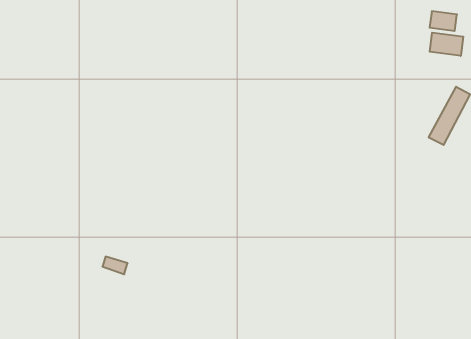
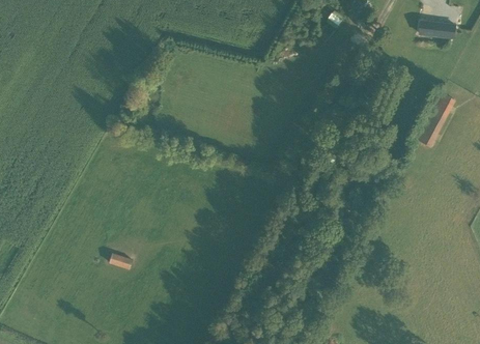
building: [430,33,463,56] -> none

